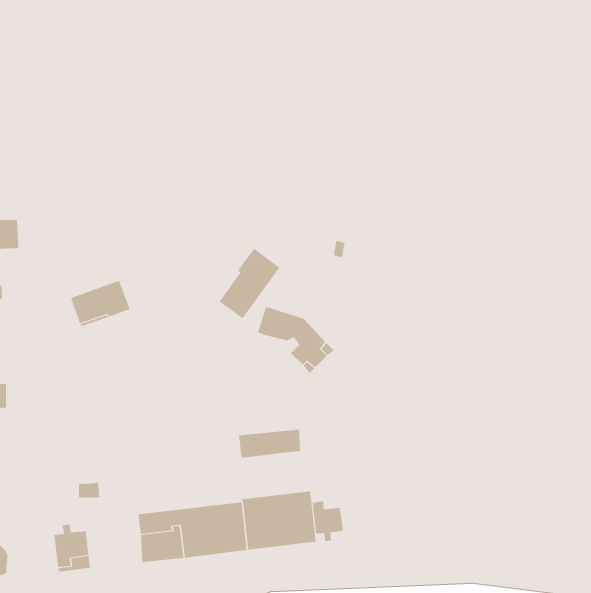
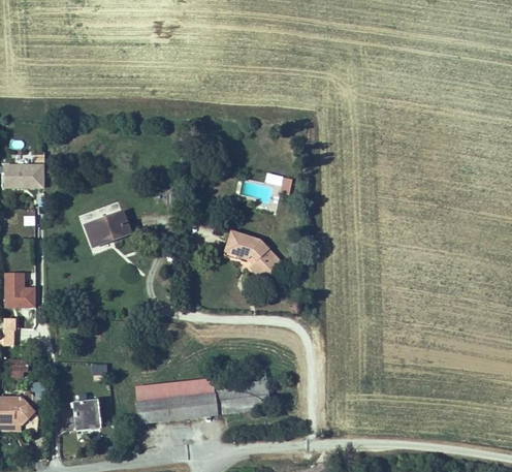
building: [219,248,280,319] -> none
building: [239,429,301,458] -> none
building: [312,501,343,542] -> none

